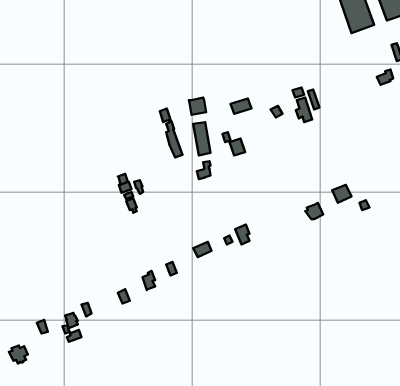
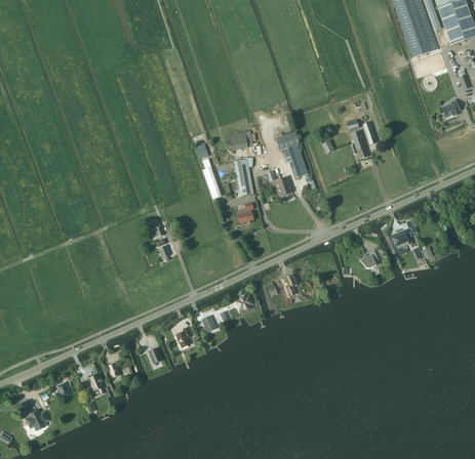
building: none -> [283,143,308,177]

